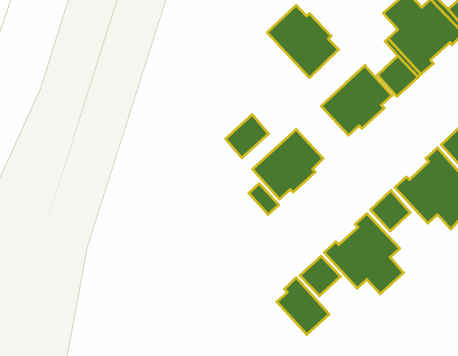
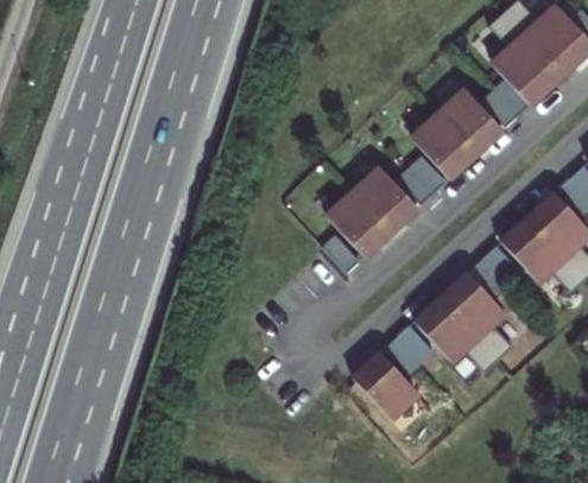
building: [267,5,339,78] -> none
building: [226,115,269,158] -> none
building: none -> [396,155,445,205]

